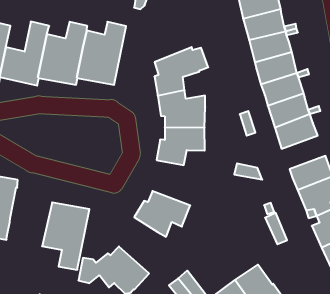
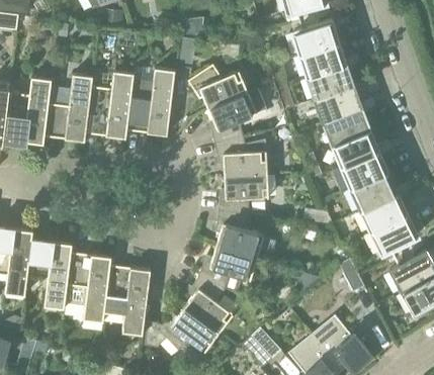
building: none -> [188,66,247,108]
building: none -> [351,173,399,211]
building: none -> [215,212,264,258]
building: none -> [65,253,111,322]
building: none -> [185,275,234,334]

